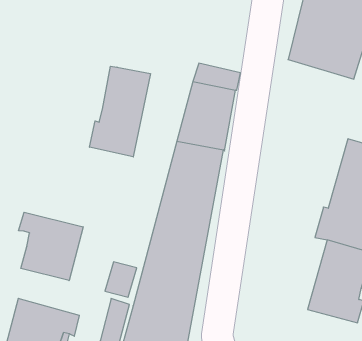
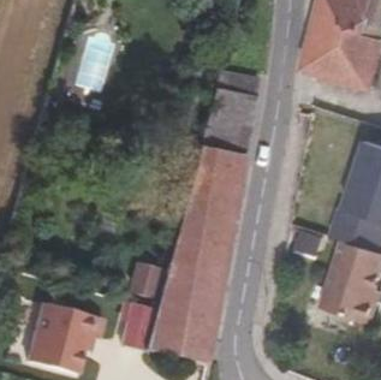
building: [90,66,150,157] -> none
building: [19,212,83,281] -> none

